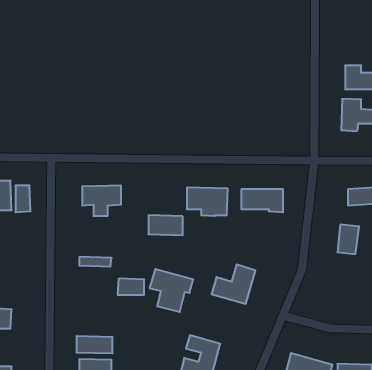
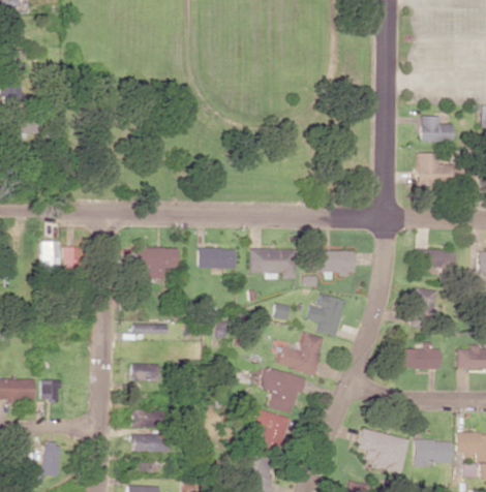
building: [148,215,183,235] -> [199,247,236,269]
building: none -> [307,294,346,336]
building: [150,269,193,312] -> [259,367,306,413]
building: none -> [400,342,441,369]
building: [118,279,144,295] -> [131,363,160,380]

